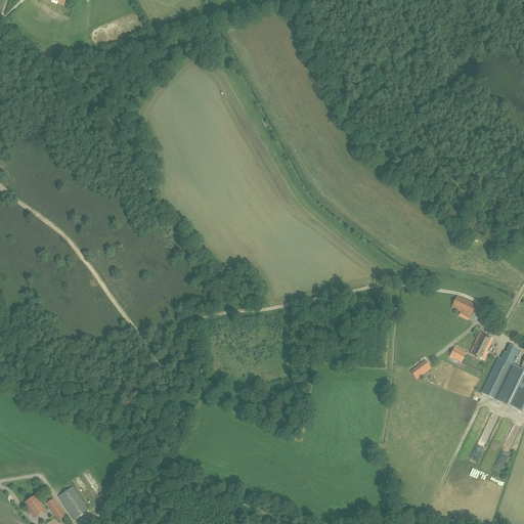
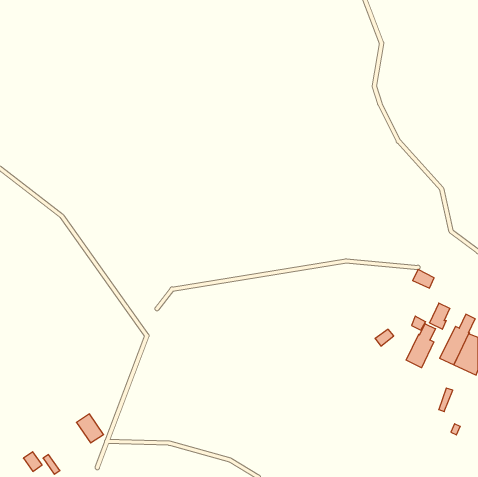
building: none -> [406,324,436,368]
building: [58,486,88,518] -> [76,414,104,443]

